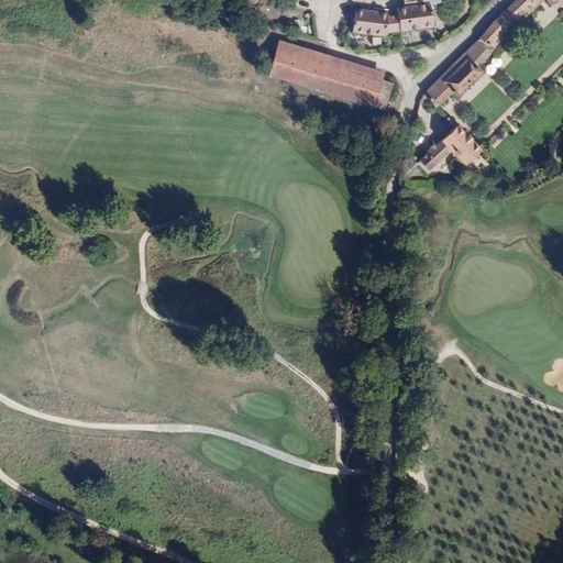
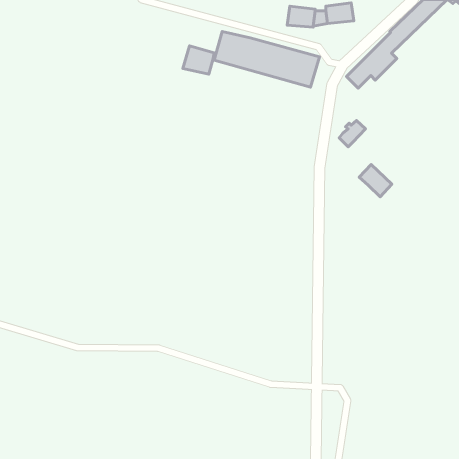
building: none -> [183,46,214,74]
building: [435,132,475,172] -> [359,164,392,197]

